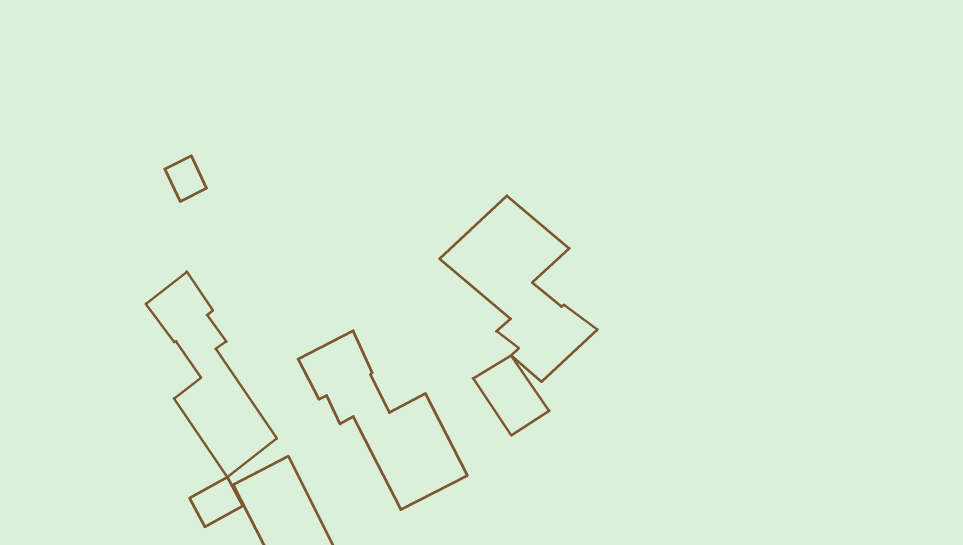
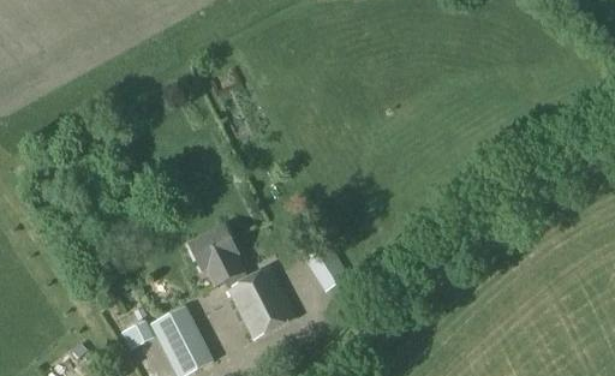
building: [440,196,597,382] -> none
building: [146,272,277,477] -> none

